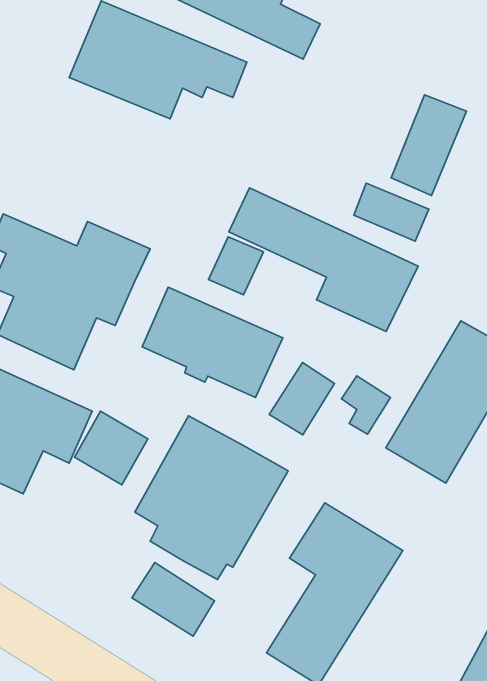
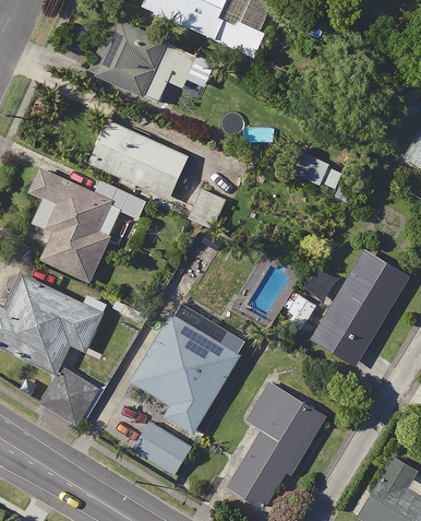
building: [391,95,467,195] -> none
building: [229,188,418,331] -> none
building: [142,287,283,397] -> [88,121,189,200]
building: [269,362,335,435] -> none
building: [74,411,148,485] -> [43,369,95,422]

